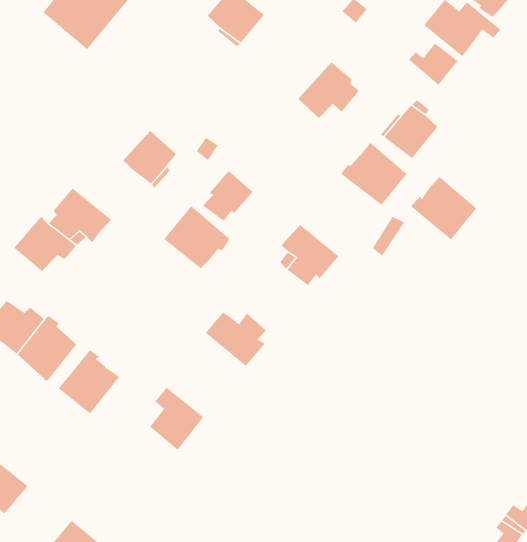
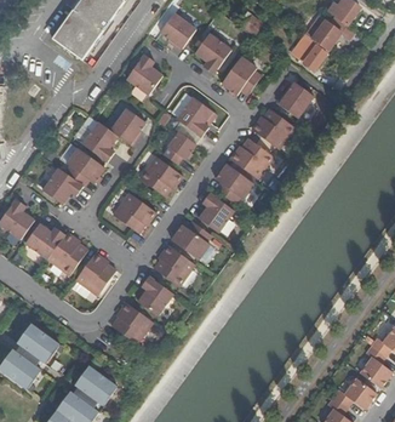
building: none -> [195,34,231,74]
building: none -> [126,55,164,95]
building: none -> [177,97,213,137]
building: none -> [82,121,119,161]
building: [410,176,477,240] -> [230,138,274,179]
building: none -> [114,193,158,233]
building: none -> [199,193,235,232]
building: none -> [153,244,194,285]
building: none -> [110,302,151,343]

